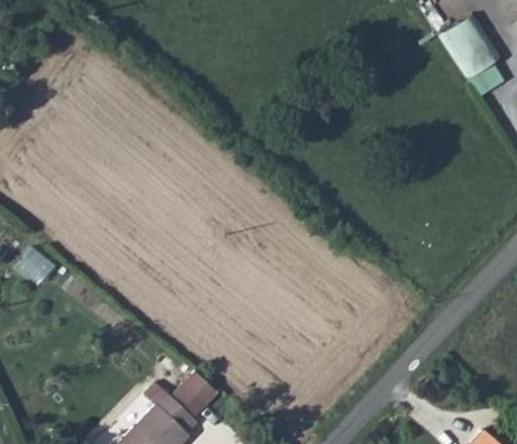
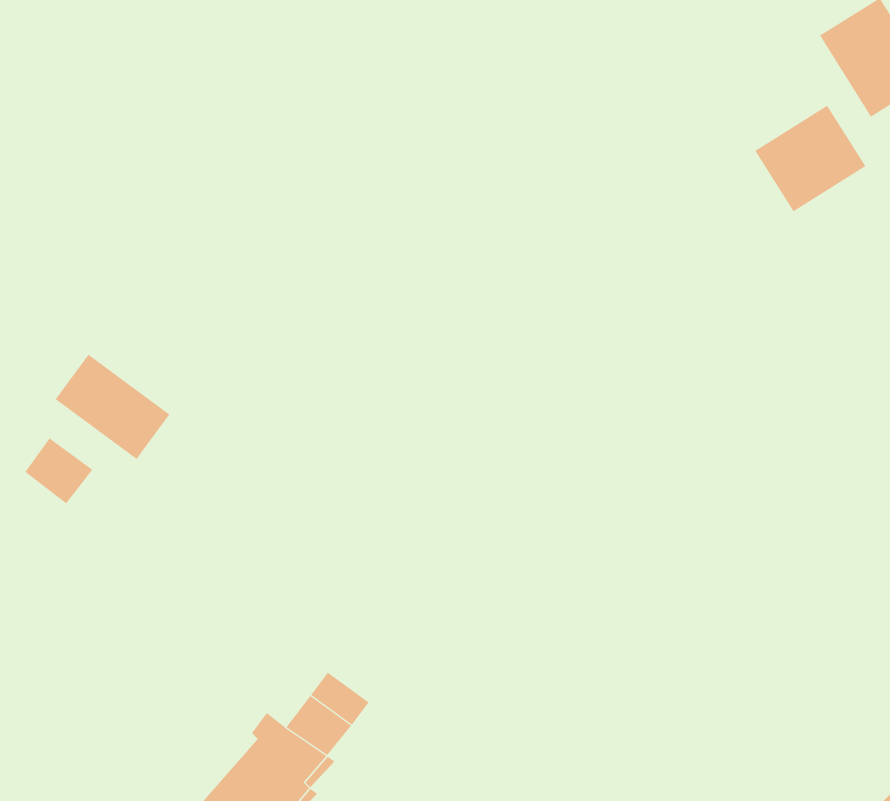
building: none -> [754,105,866,212]
building: none -> [55,354,170,460]

